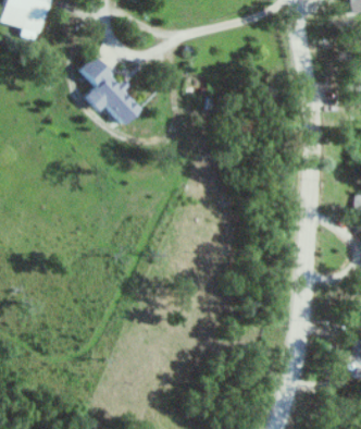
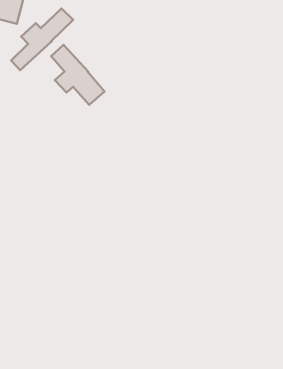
building: none -> [11,8,73,70]

